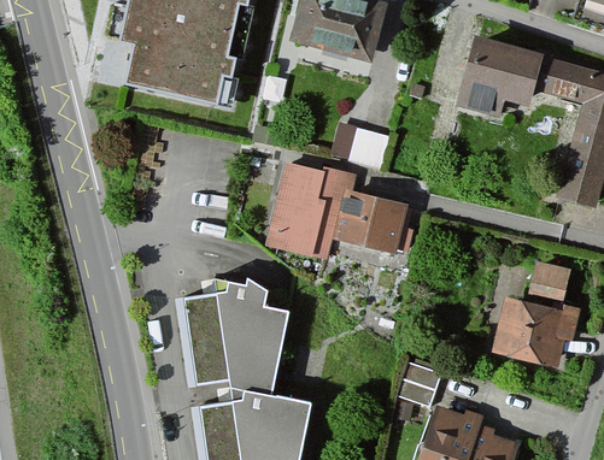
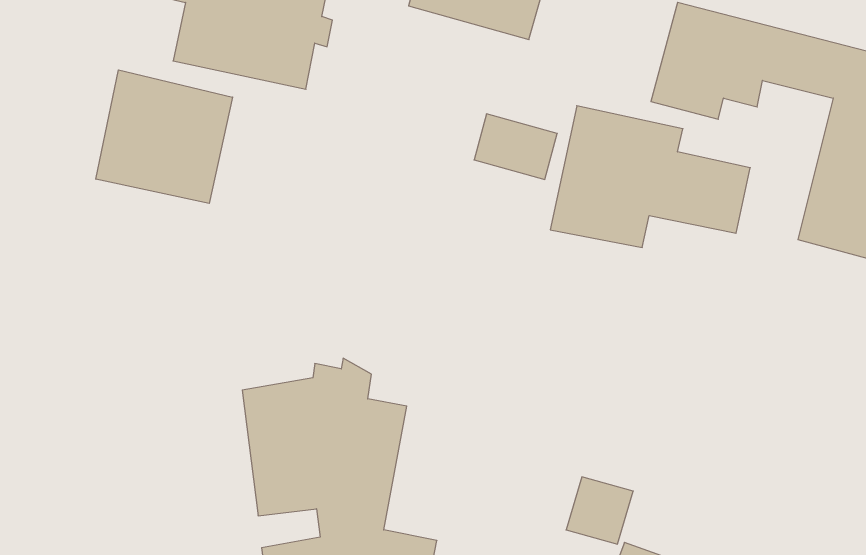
building: none -> [96,70,233,203]
building: [266,163,403,259] -> [550,106,750,247]
building: [493,263,580,367] -> none

